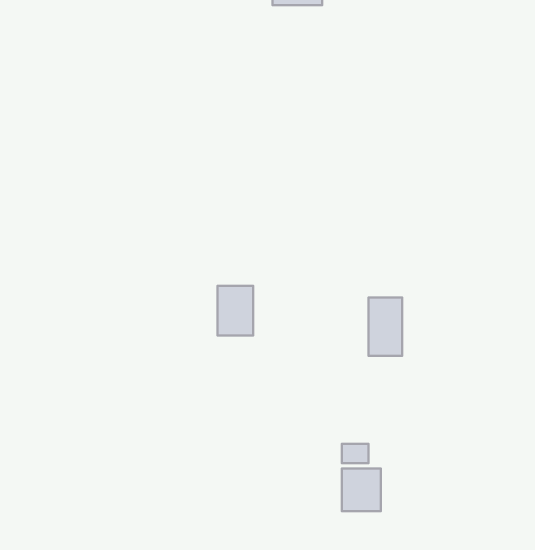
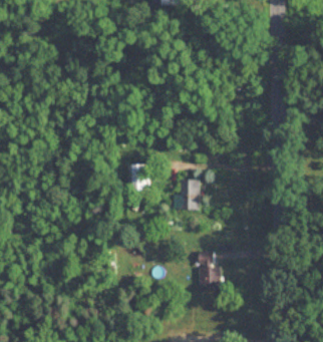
building: [368,297,402,356] -> [179,178,198,211]

